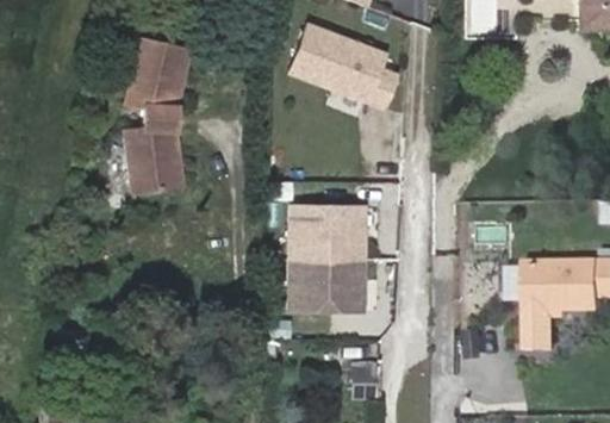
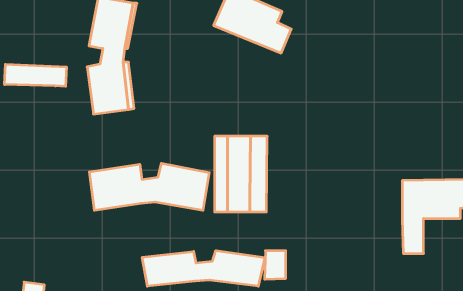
building: none -> [5,64,66,86]
building: none -> [89,163,209,210]
building: none -> [142,251,265,286]

